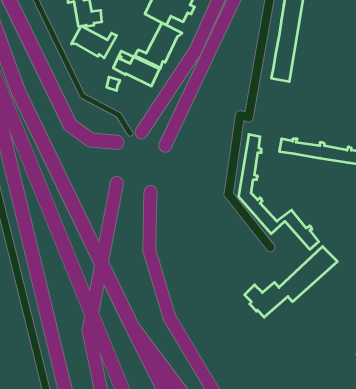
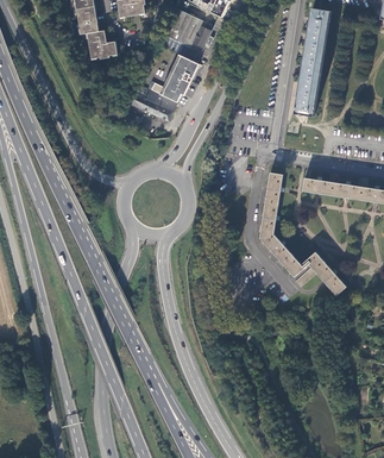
building: [71,26,117,58] -> none
building: [245,246,337,317] -> none

